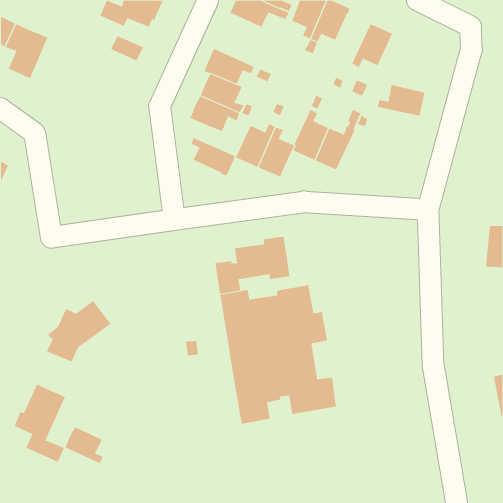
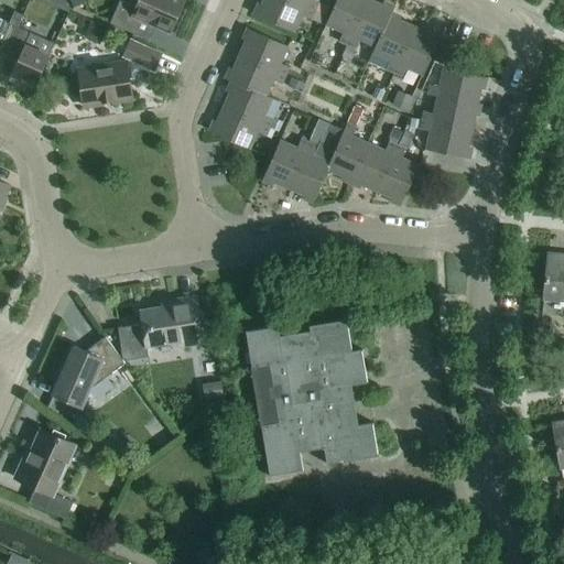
building: none -> [372,15,414,72]
building: none -> [239,29,289,75]
building: none -> [78,61,132,106]
building: none -> [427,68,482,104]
building: none -> [420,120,470,158]
building: none -> [377,145,417,202]
building: [191,137,236,176] -> none
building: [214,236,290,294] -> [118,296,203,361]
building: [65,426,103,464] -> none

